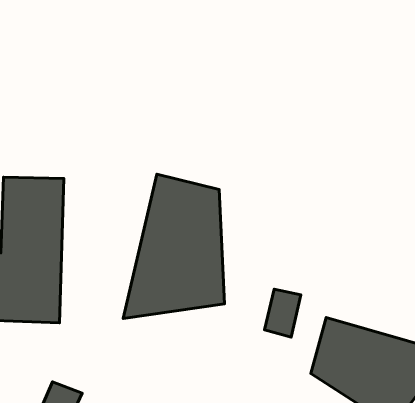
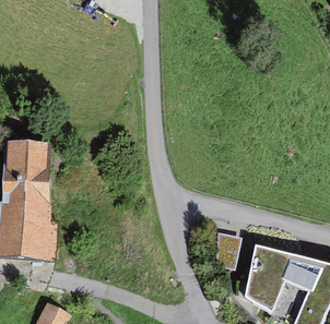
building: [123,174,225,319] -> none

